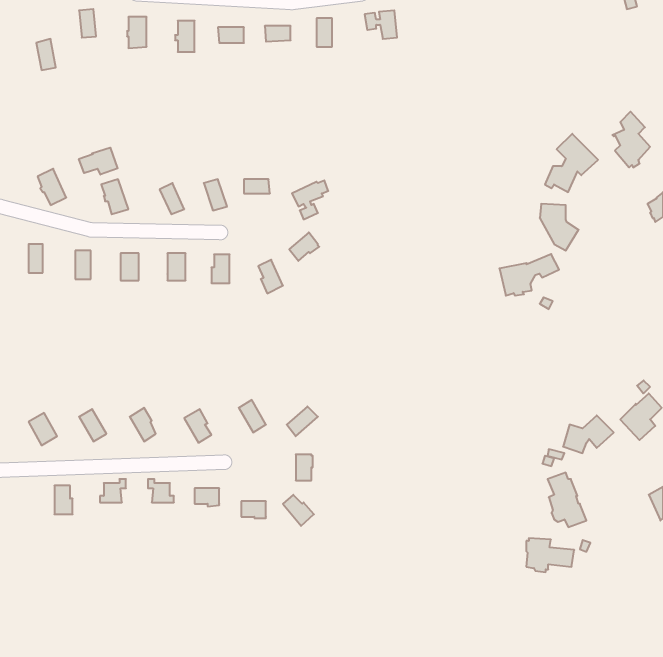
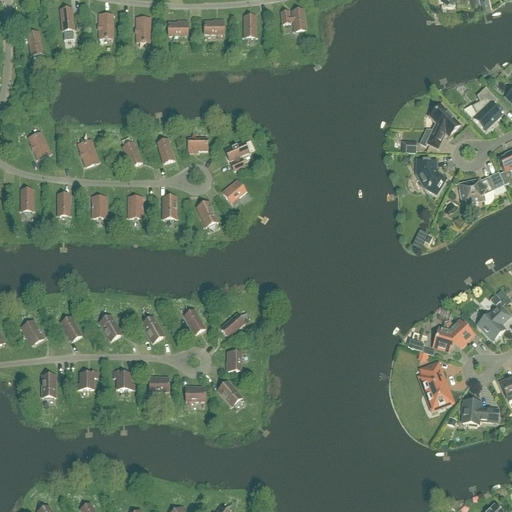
building: [79,148,118,175] -> none
building: [499,254,559,296] -> [459,171,505,203]
building: [526,538,574,572] -> [462,399,499,425]

